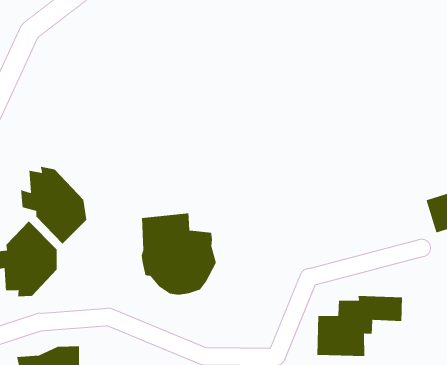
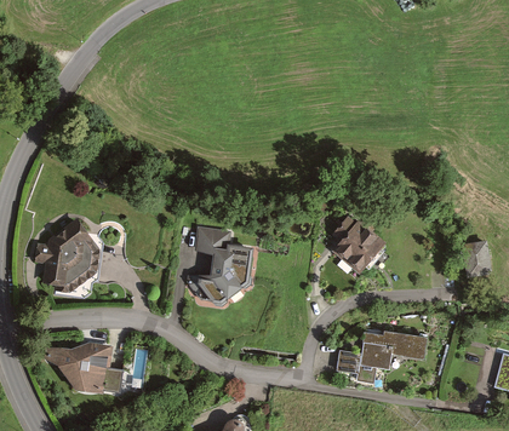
building: [20,166,87,244] -> none
building: none -> [319,206,385,271]

